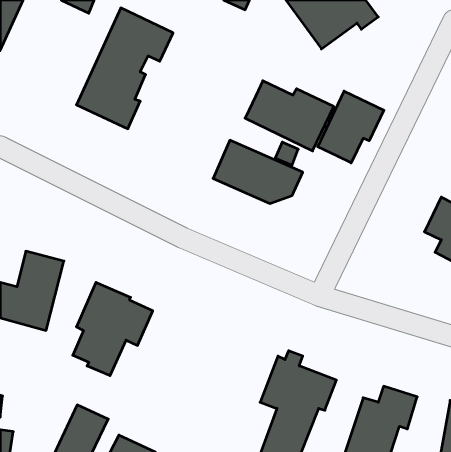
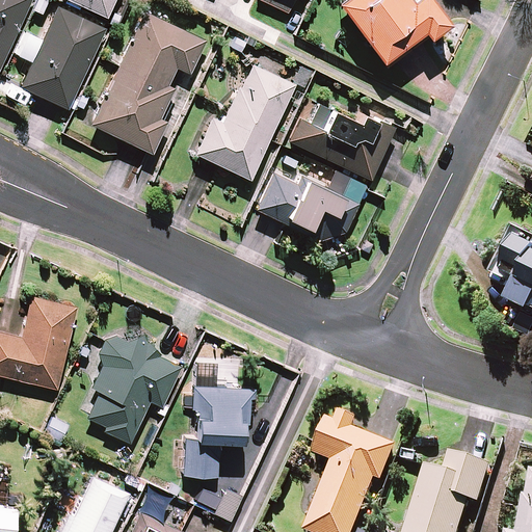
building: none -> [17,7,106,108]
building: none -> [194,64,295,179]
building: [318,91,384,163] -> none
building: none -> [185,362,251,476]

